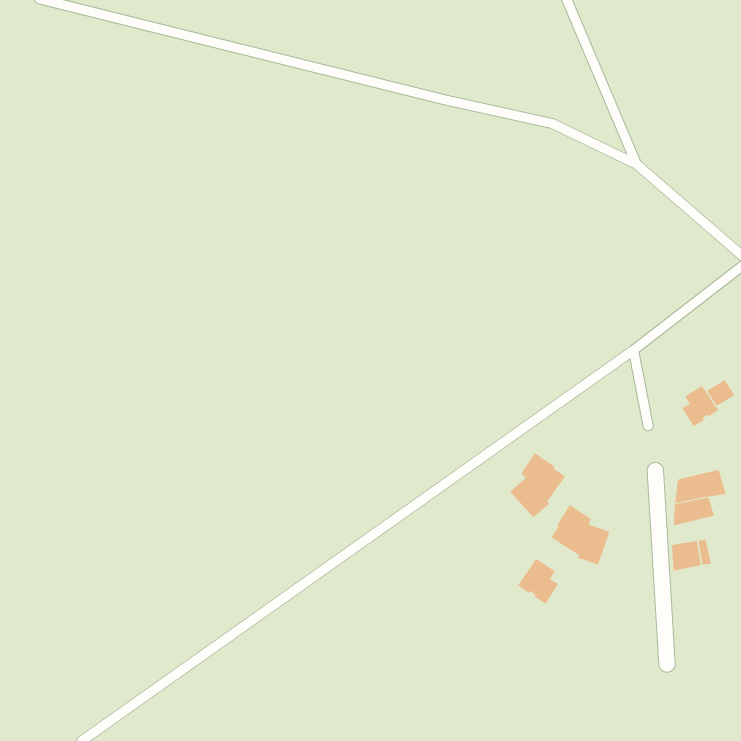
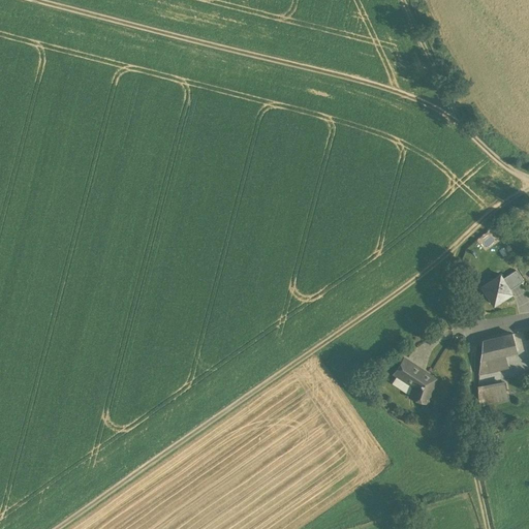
building: [509,452,566,518] -> none
building: [517,558,559,605] -> none

